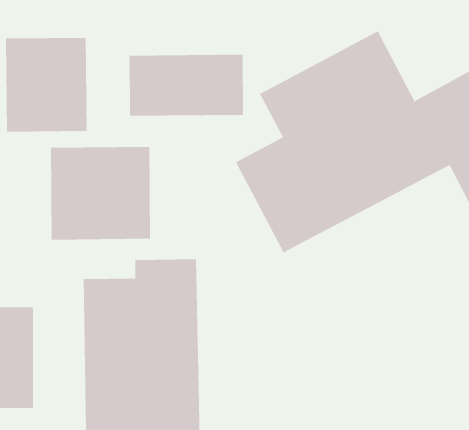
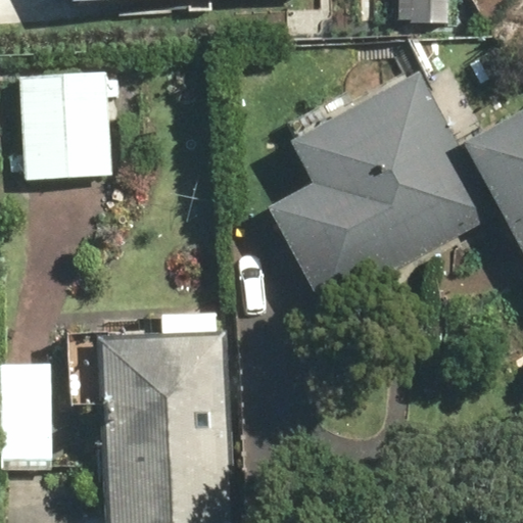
building: [129,54,244,117] -> none
building: [50,146,151,240] -> none

